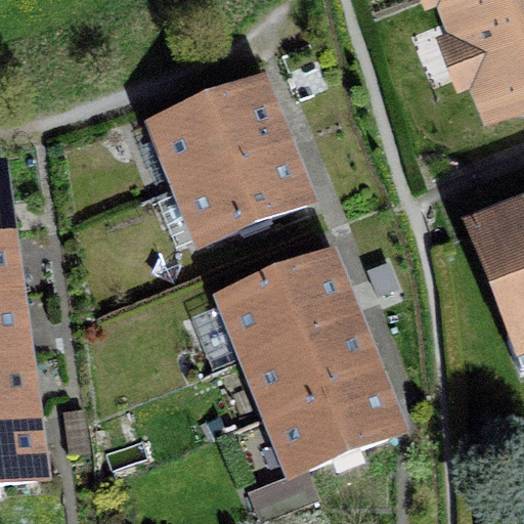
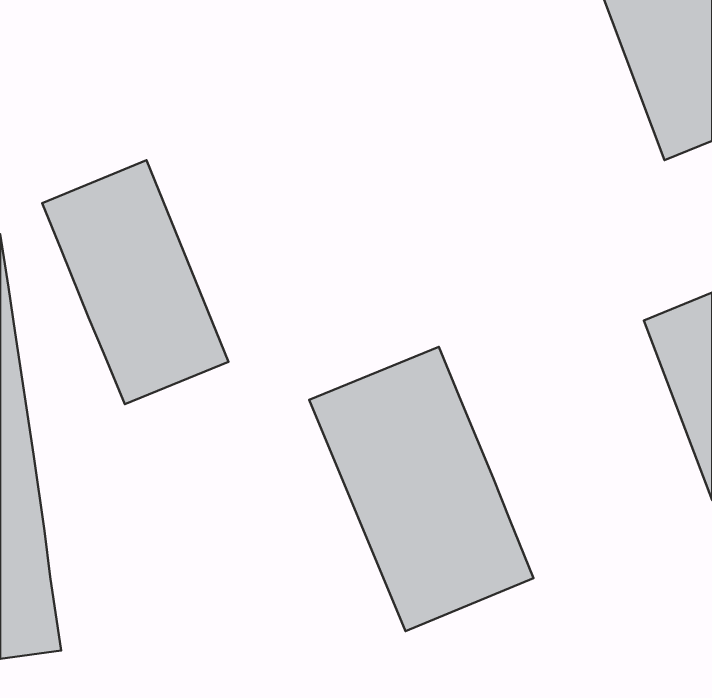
building: [157,85,302,242] -> none
building: none -> [42,160,229,404]

